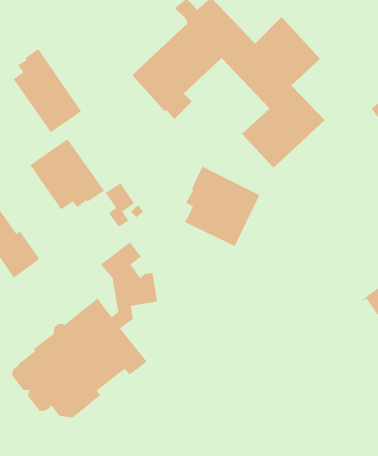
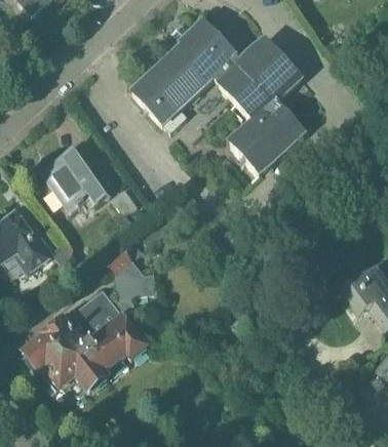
building: [13,48,82,133] -> none
building: [184,166,260,247] -> none

